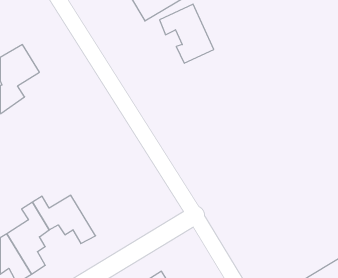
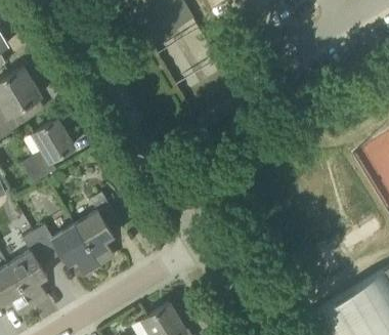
building: none -> [23,119,76,184]
building: none -> [76,200,121,266]

